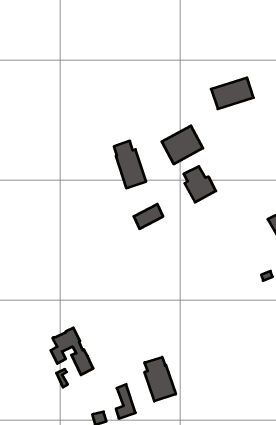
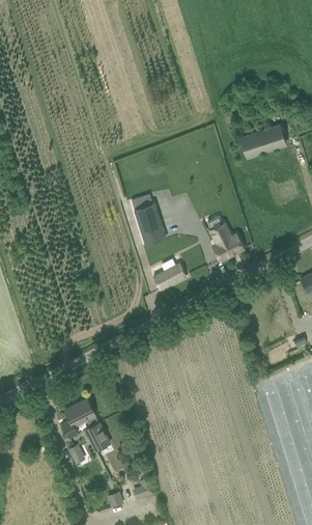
building: [162,126,203,164] -> none
building: [145,357,176,401] -> none

